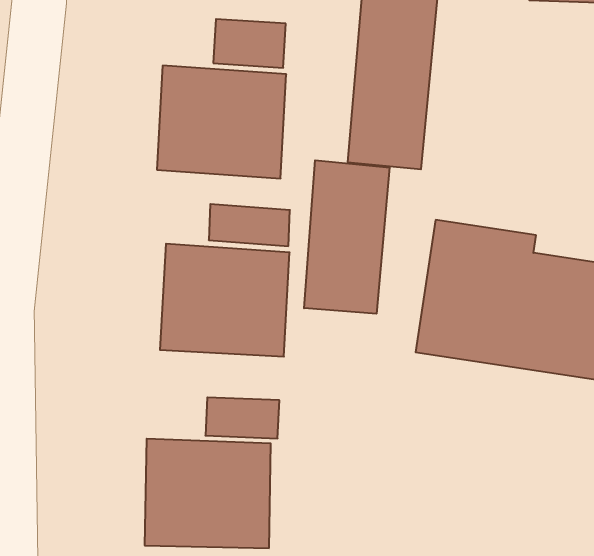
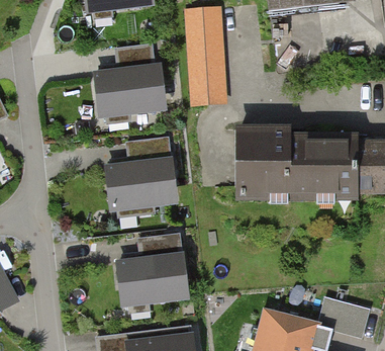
building: [304,160,389,314] -> none

